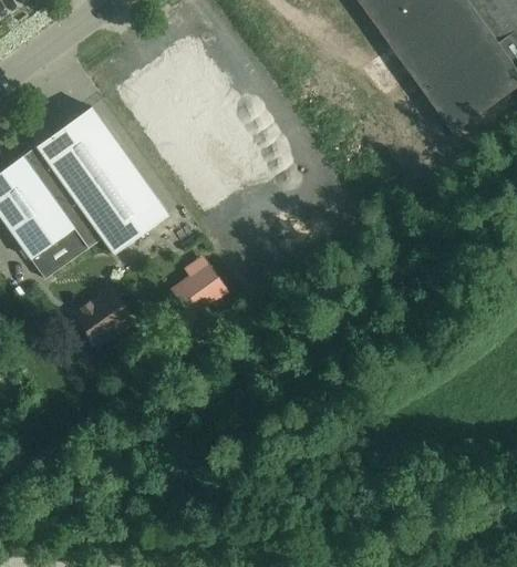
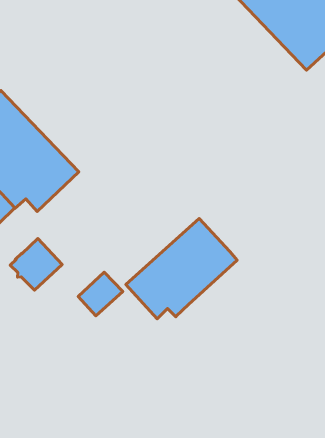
building: [174,265,227,315] -> [78,272,123,316]
building: none -> [126,218,237,319]

